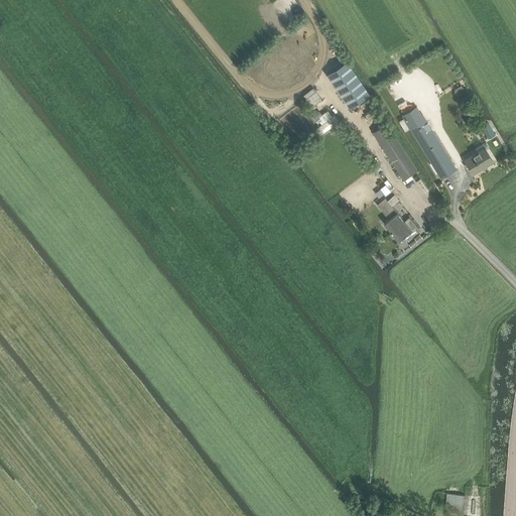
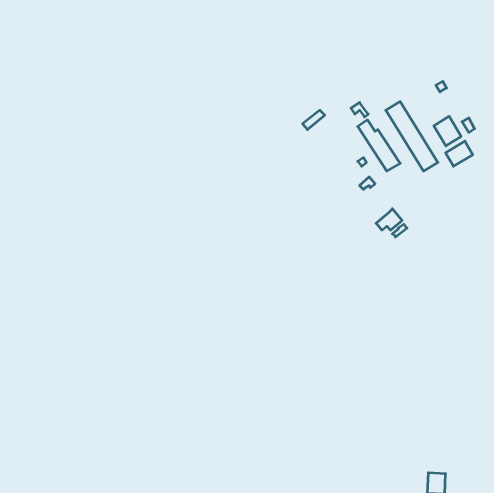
building: [327,61,370,108] -> none
building: none -> [434,116,461,146]
building: [377,196,405,234] -> none

